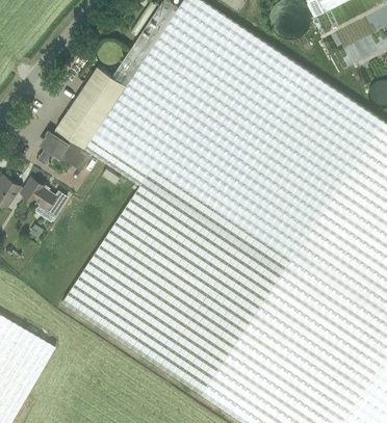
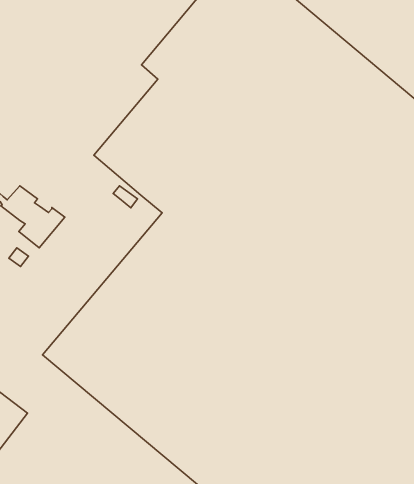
building: [38,68,126,171] -> none

